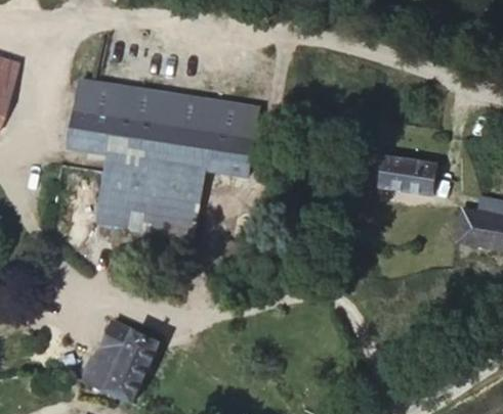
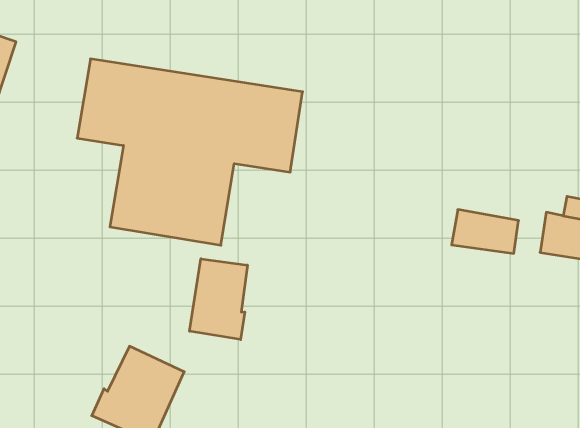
building: [380,156,436,193] -> [452,210,519,253]
building: none -> [190,259,247,340]

